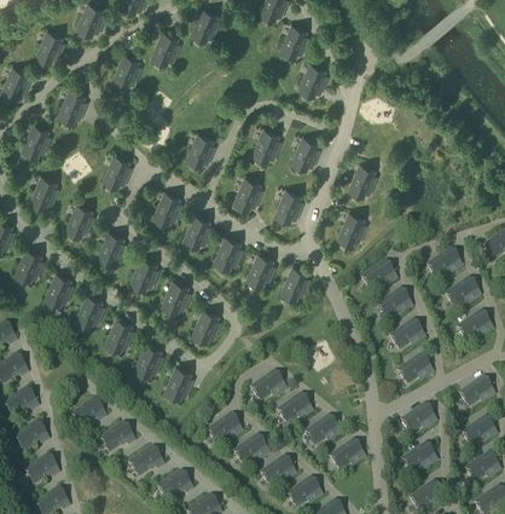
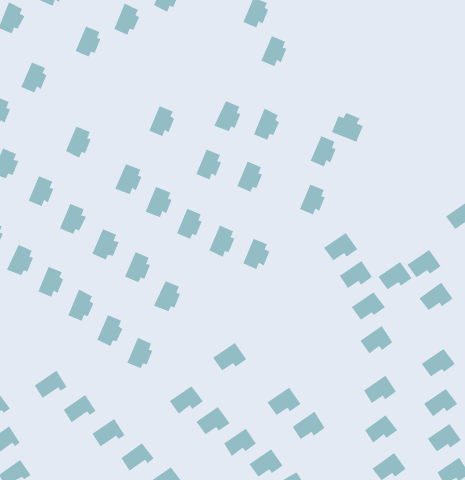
building: none -> [331,112,363,143]
building: [426,249,462,278] -> [378,261,413,290]
building: [277,394,312,423] -> none

